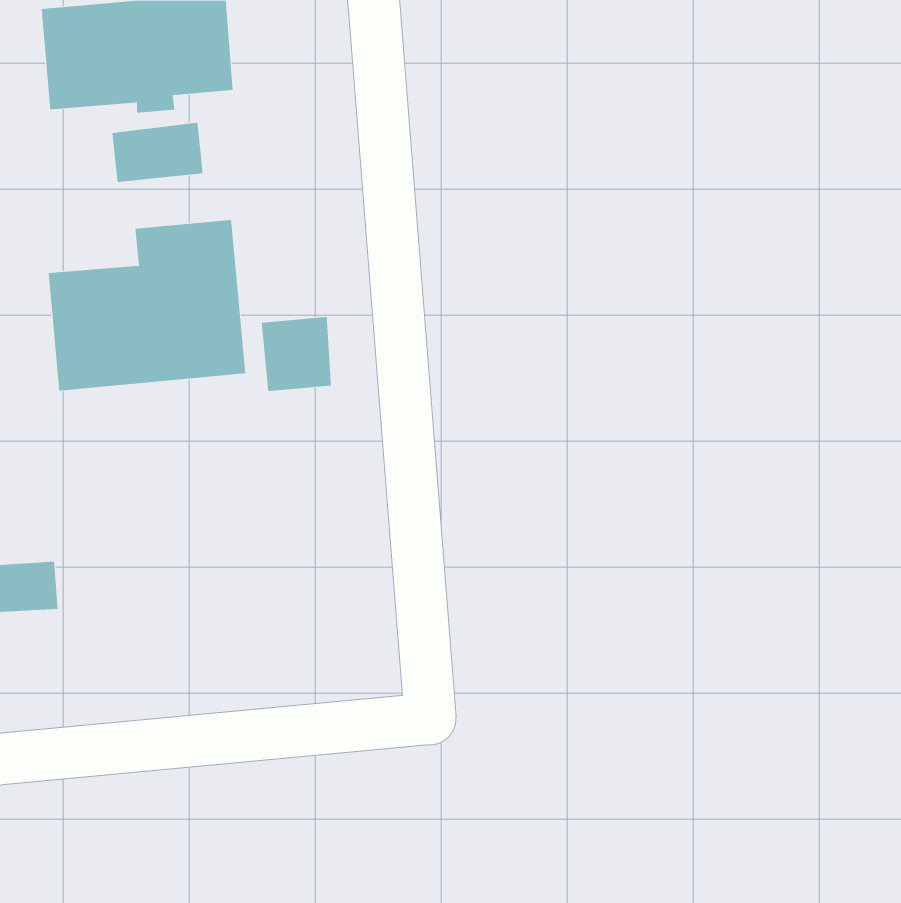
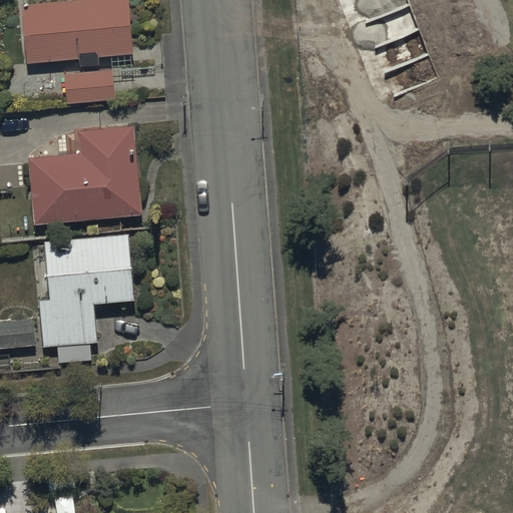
building: [261,316,332,392] -> none
building: none -> [39,232,132,363]

